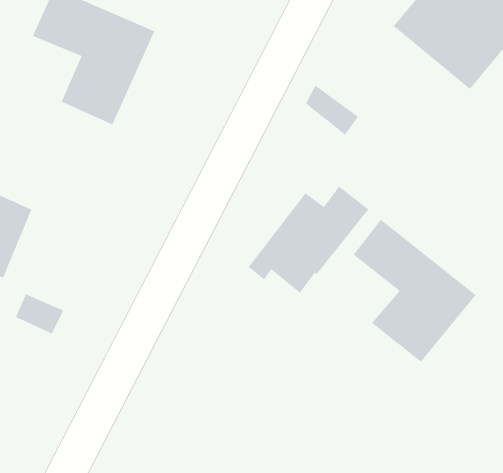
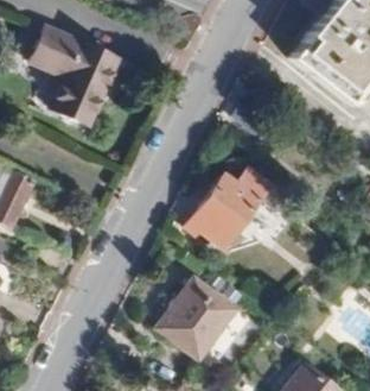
building: [353,219,476,362] -> none
building: none -> [161,278,238,357]

